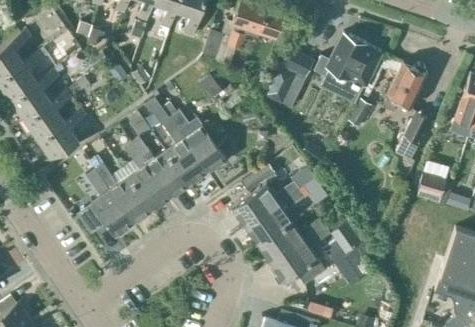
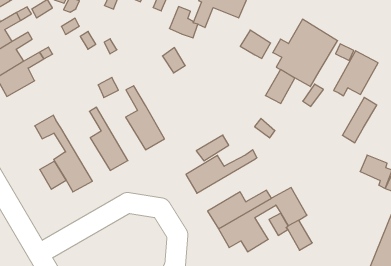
building: [265,67,295,103] -> [265,70,295,103]
building: [162,103,227,172] -> none
building: [35,109,85,161] -> none
building: [131,138,187,198] -> none
building: [89,155,151,223] -> none
building: [245,186,309,245] -> none

